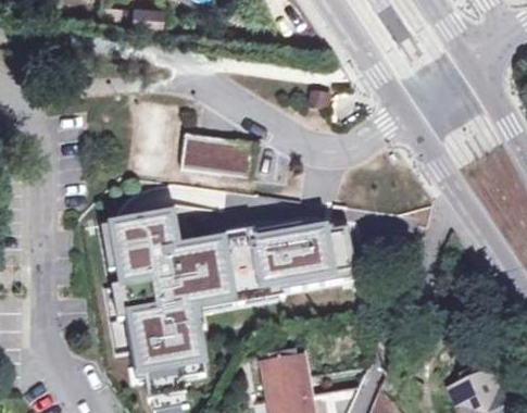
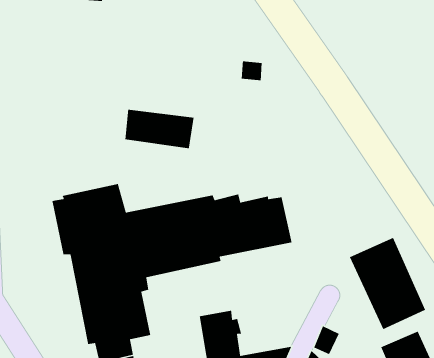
building: none -> [349,237,426,330]

